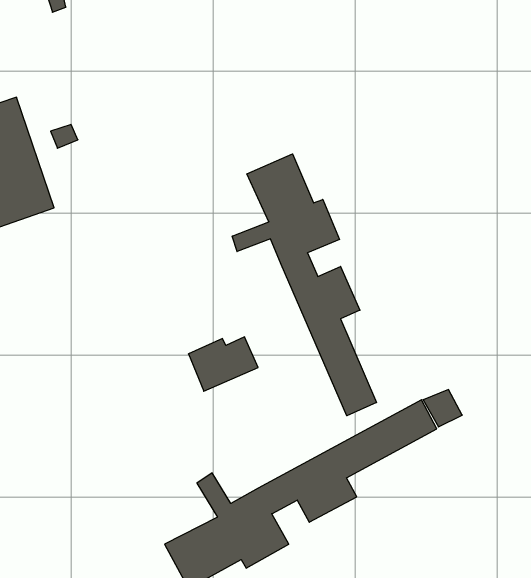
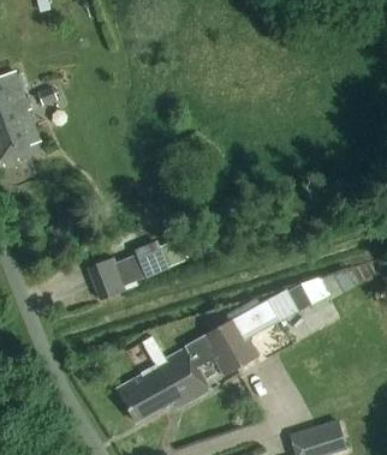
building: [232,154,376,416] -> none
building: none -> [88,257,138,300]

